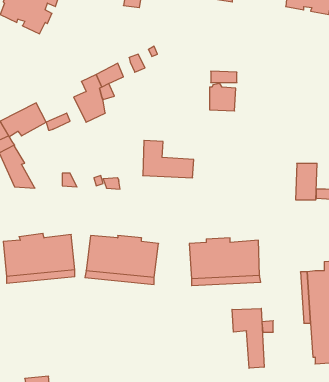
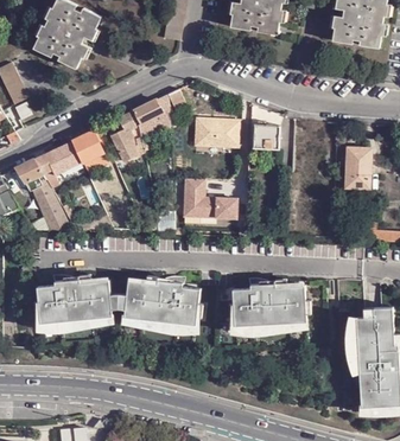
building: none -> [190,124,227,148]
building: none -> [71,132,103,161]
building: [296,163,317,200] -> [345,151,368,188]
building: [232,308,264,368] -> none

